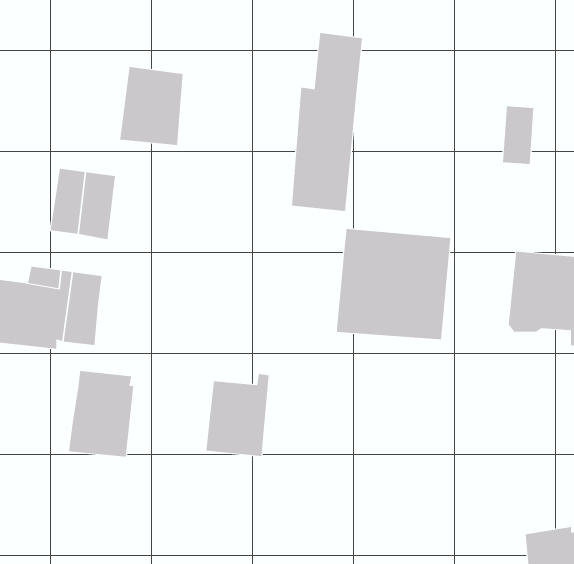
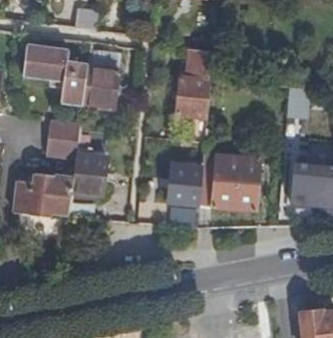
building: none -> [24,44,88,104]
building: [68,370,134,457] -> [72,149,107,196]
building: [206,373,270,456] -> [169,161,203,206]

